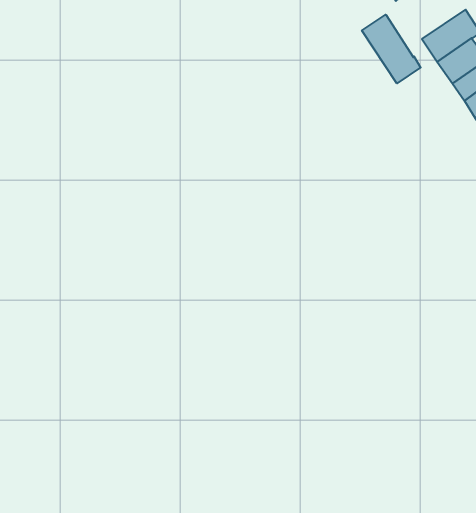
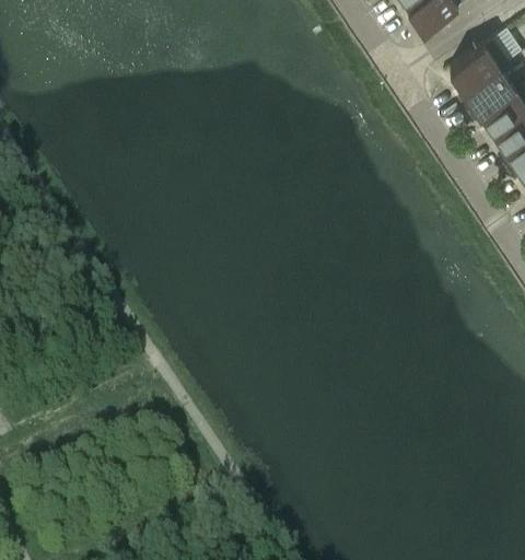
building: [362,15,421,83] -> none

